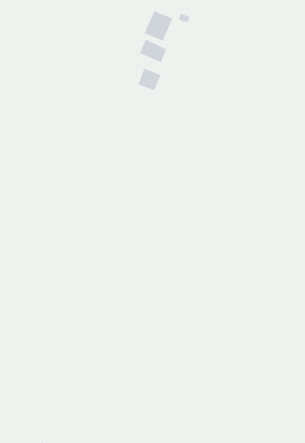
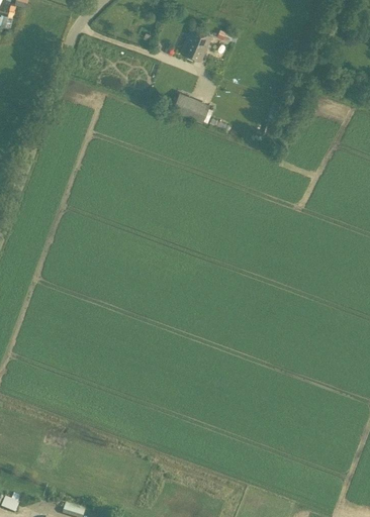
building: [139,39,167,63] -> none

